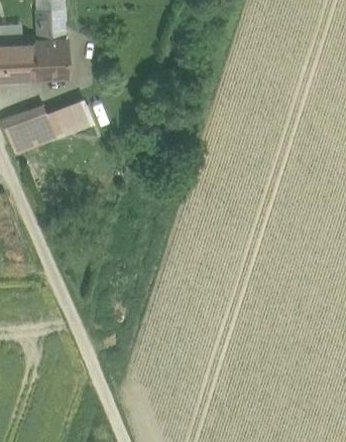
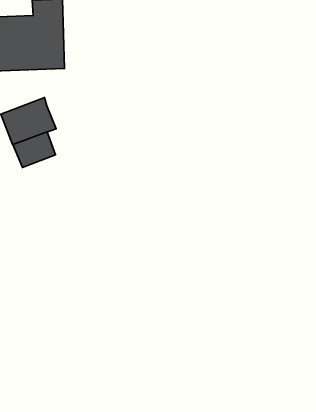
building: [48,105,90,139] -> [13,132,56,167]

